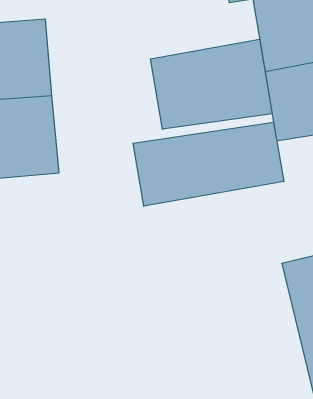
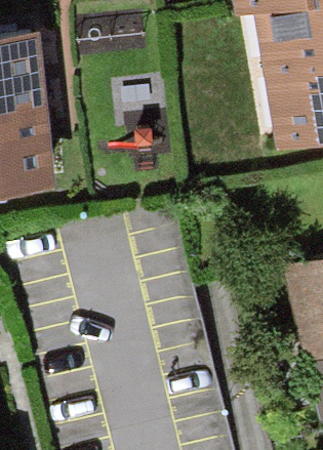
building: [150,39,272,129] -> none
building: [133,122,284,206] -> none

